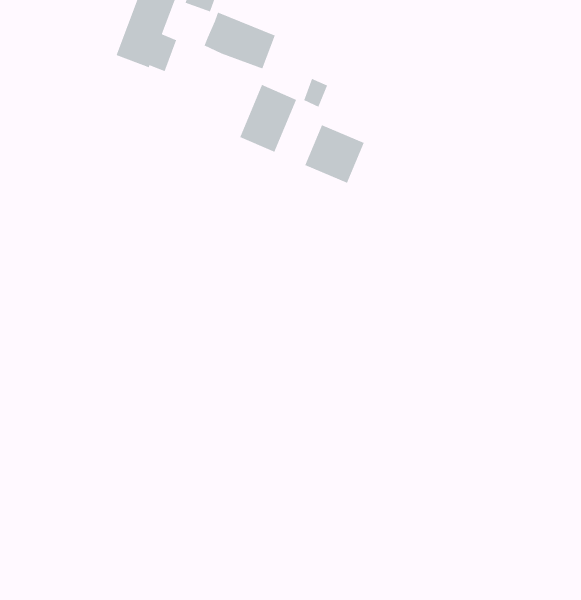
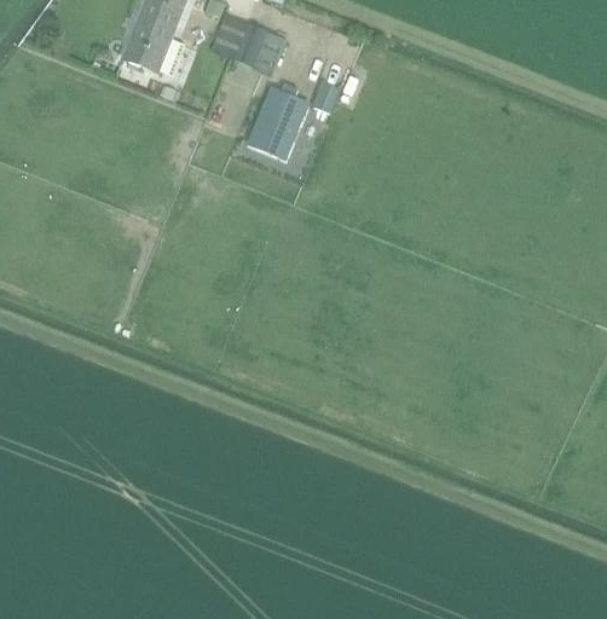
building: [304,124,365,184] -> none

